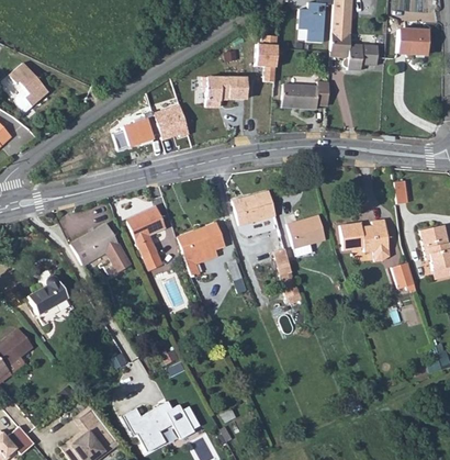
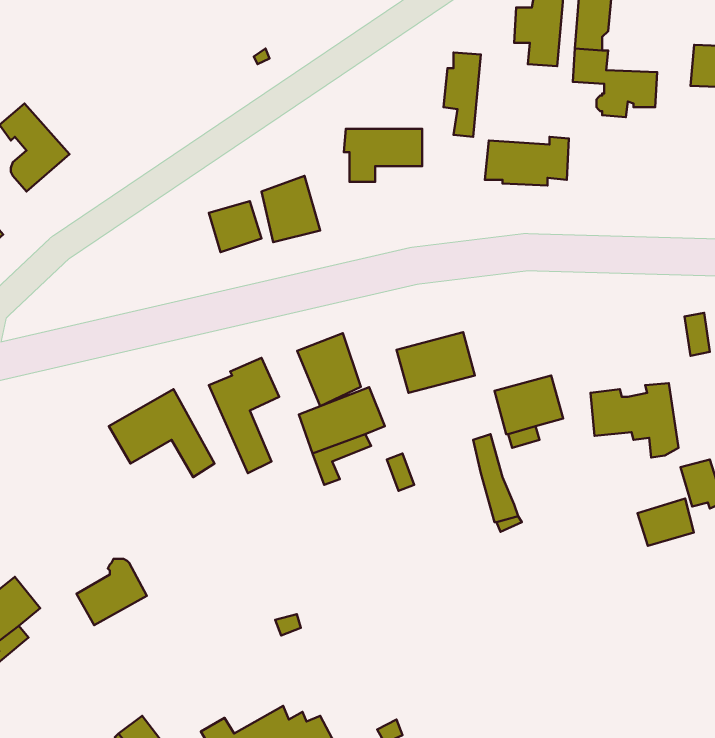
building: none -> [297,333,361,406]
building: [27,277,67,314] -> [76,559,147,625]
building: none -> [637,499,694,546]

